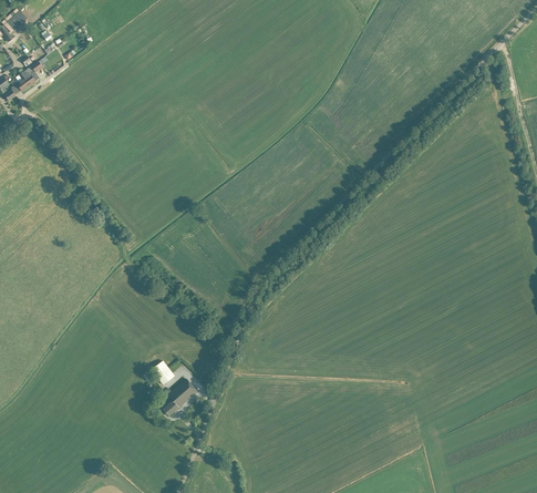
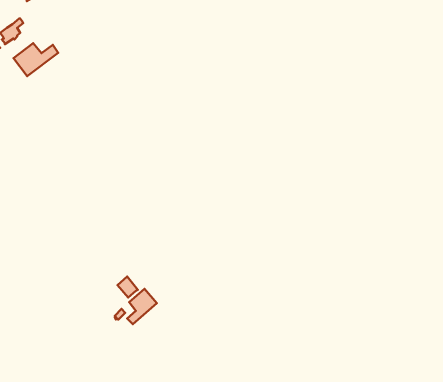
building: none -> [13,43,58,76]

